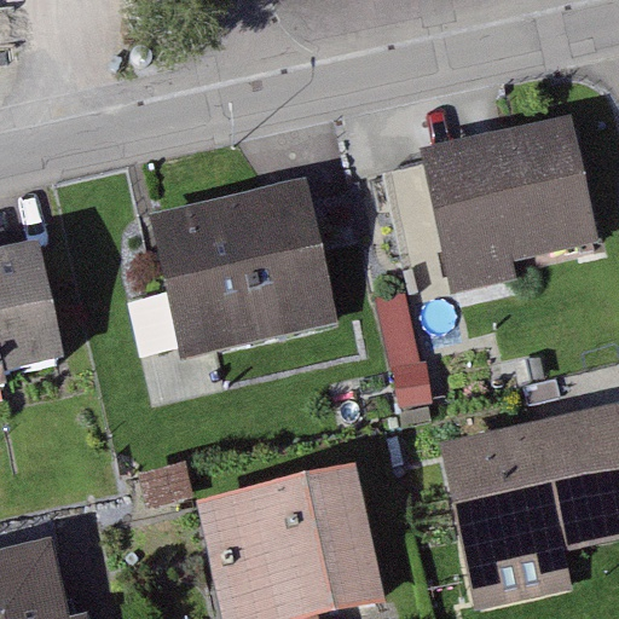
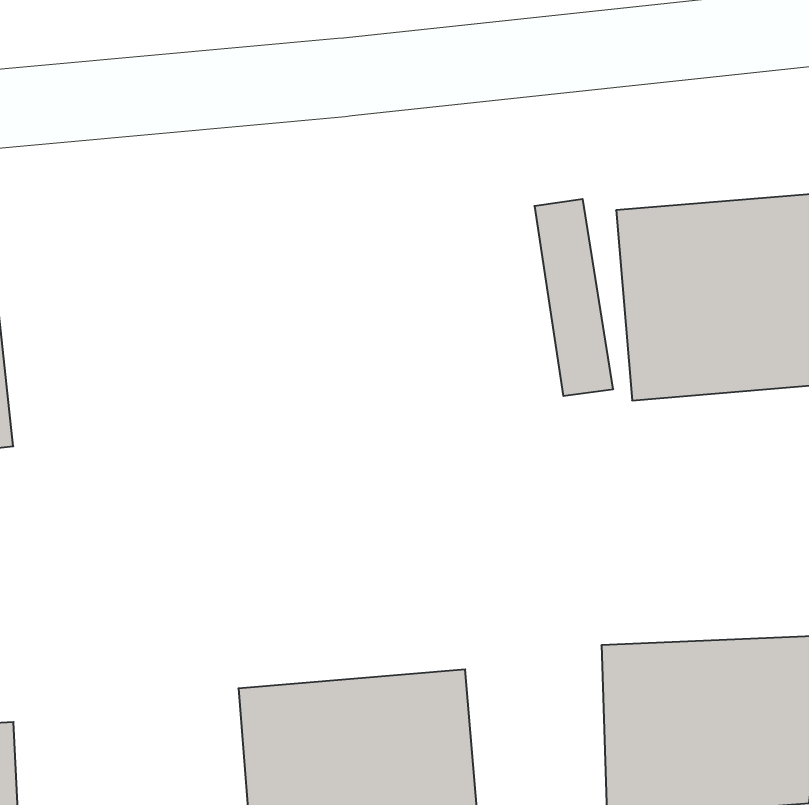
building: [161,184,340,347] -> none

